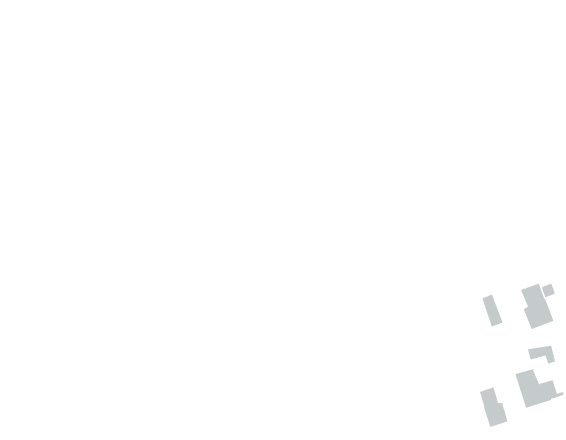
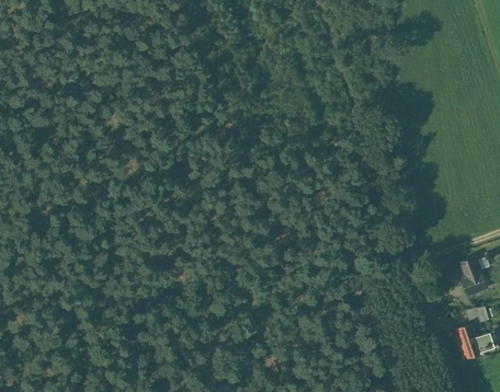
building: [479,386,508,428] -> none

